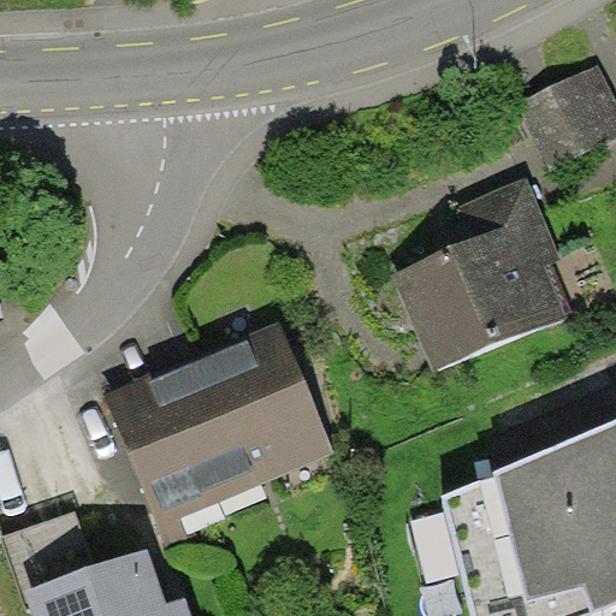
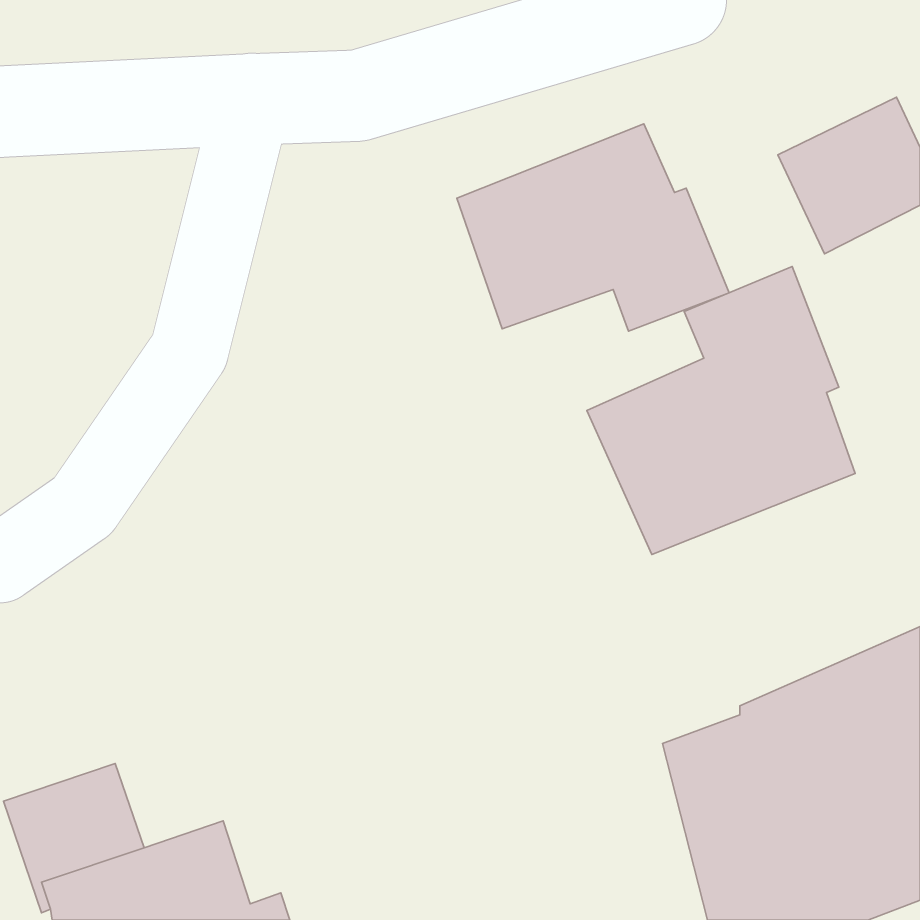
building: none -> [457,124,729,331]
building: [106,321,336,526] -> none

